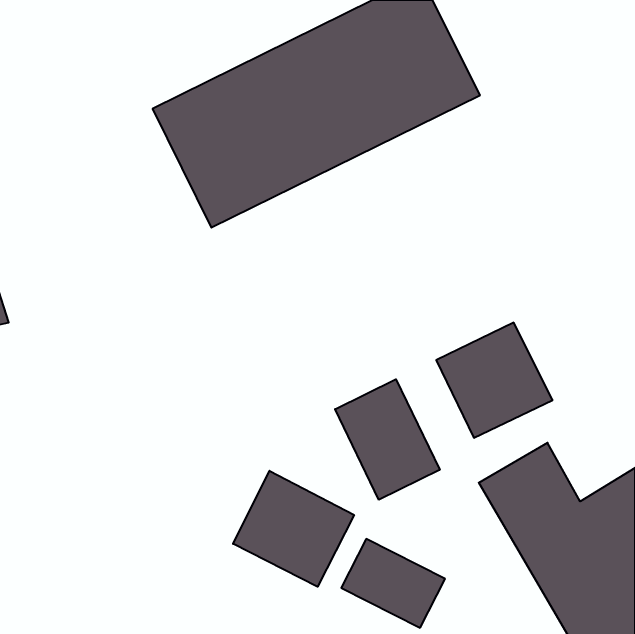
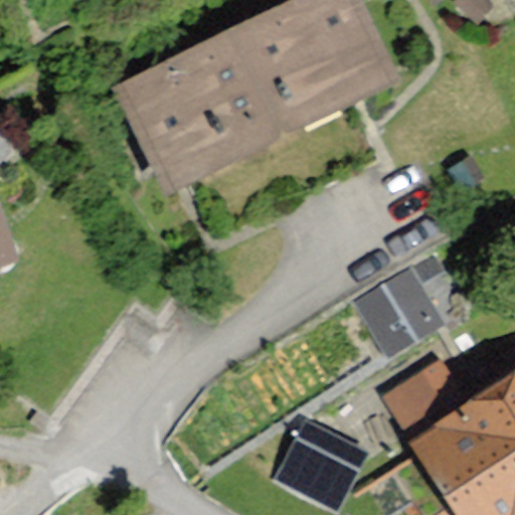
building: [335,379,440,500] -> none
building: [233,471,354,587] -> none

